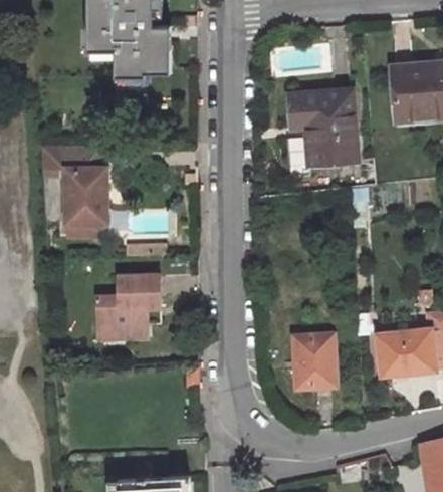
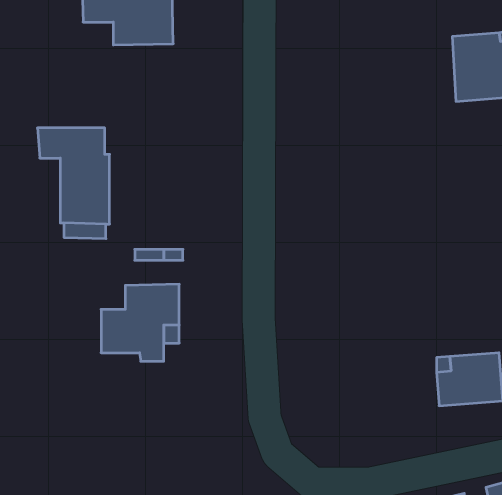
building: [285,93,352,167] -> none
building: [294,335,336,388] -> none

